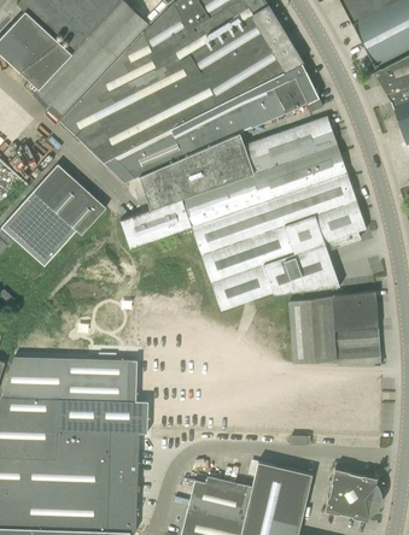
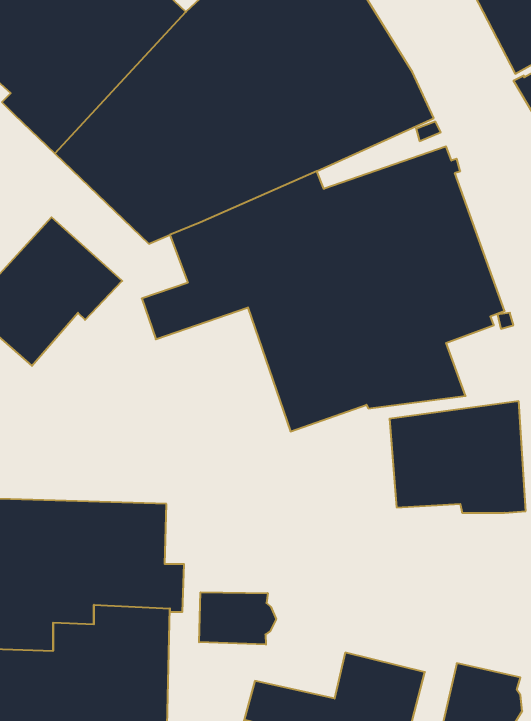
building: none -> [199,592,276,645]

